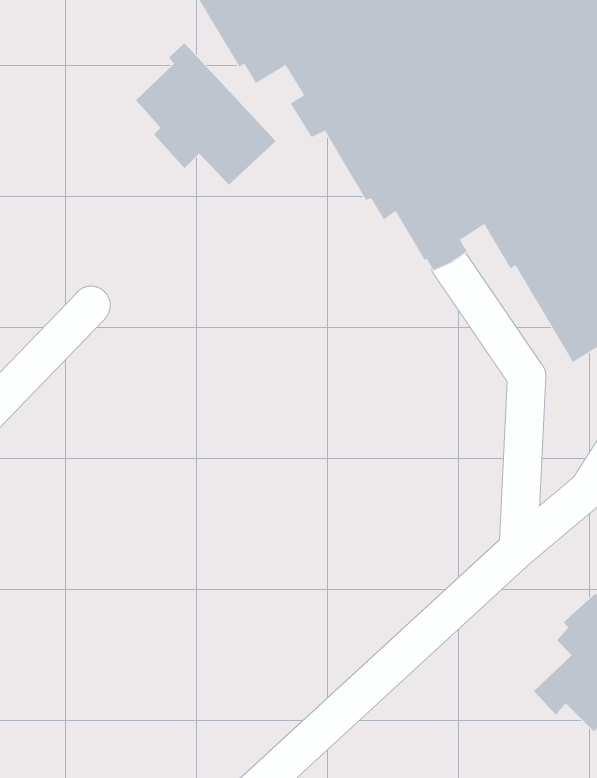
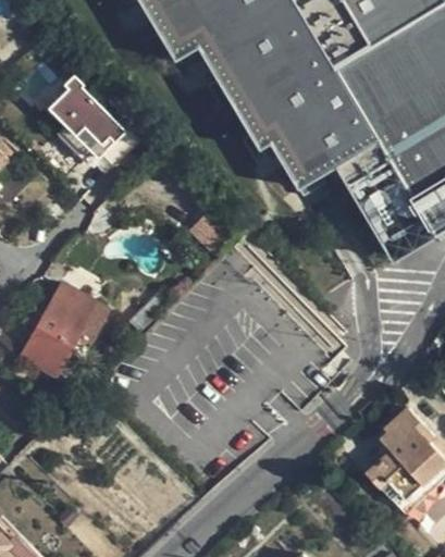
building: [135,43,277,185] -> [45,78,138,173]
building: none -> [23,283,107,372]

